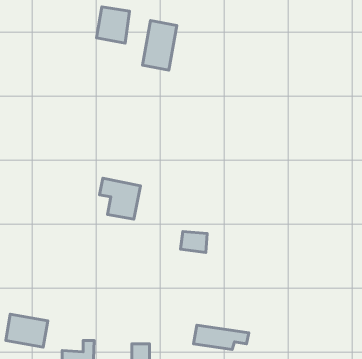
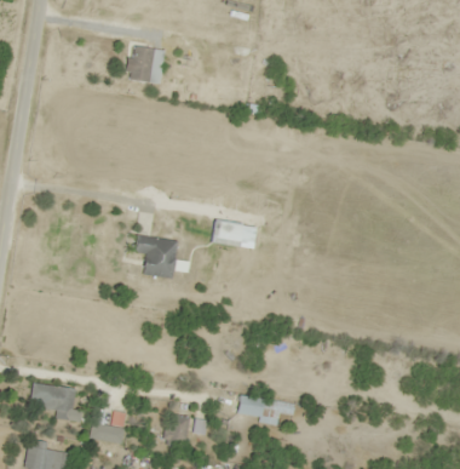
building: [143,20,177,70] -> none
building: [181,231,207,252] -> [212,222,241,245]

